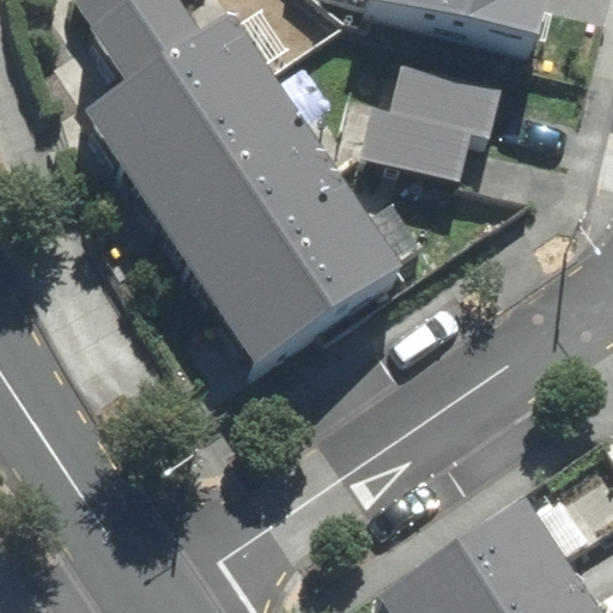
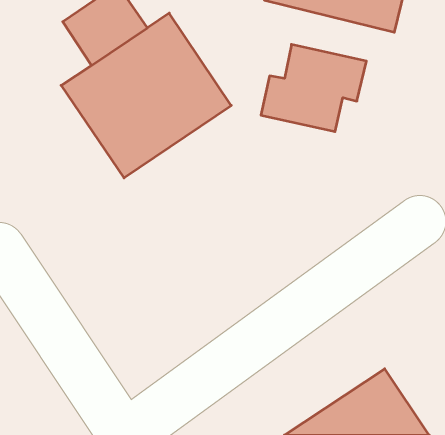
building: [170,145,403,371] -> none

